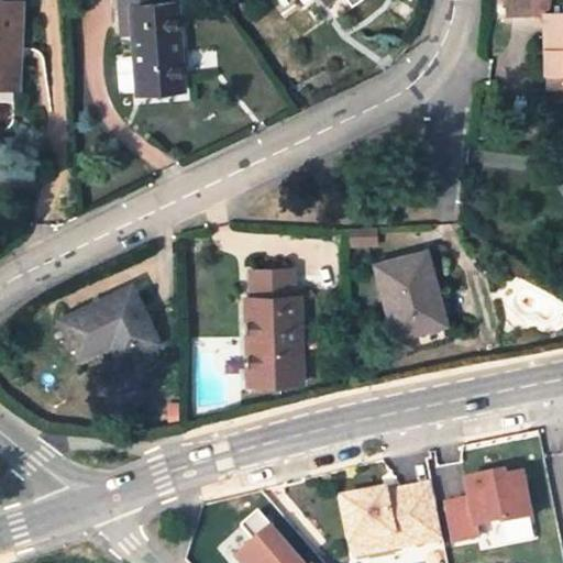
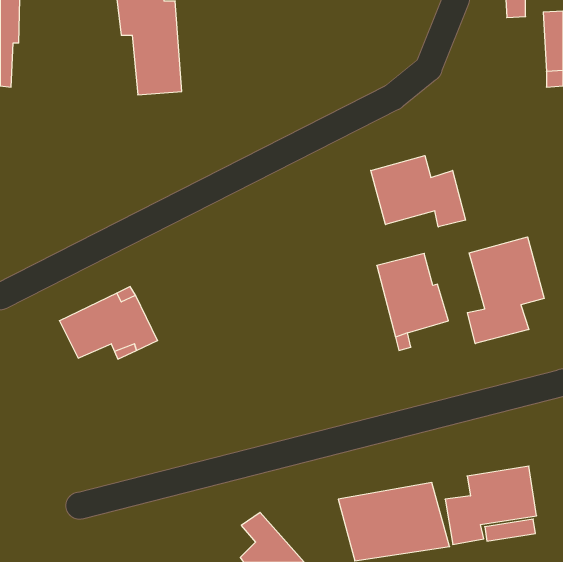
building: none -> [371,156,466,227]
building: none -> [467,237,544,344]
building: [245,269,301,382] -> none

